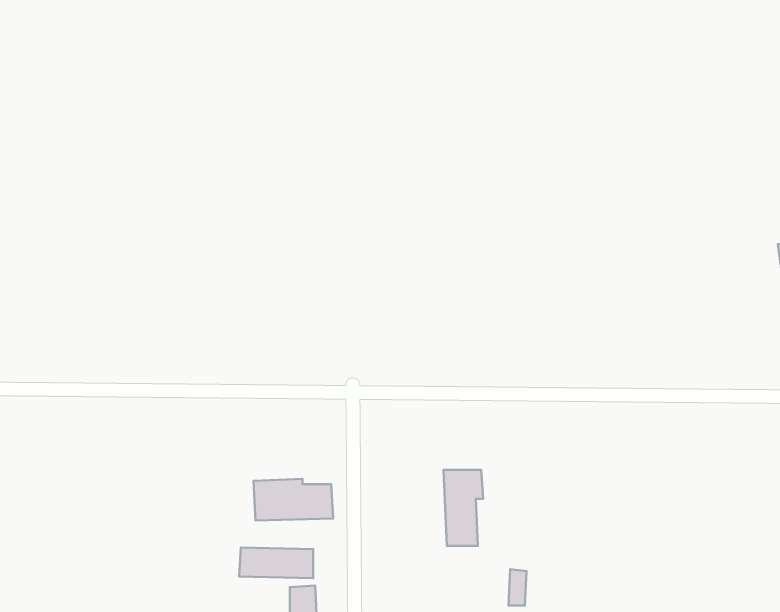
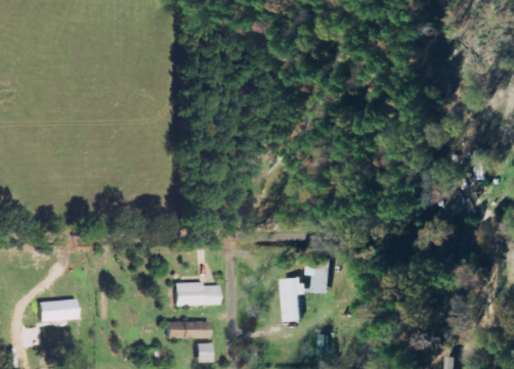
building: none -> [306,264,328,292]
building: none -> [37,301,76,322]

